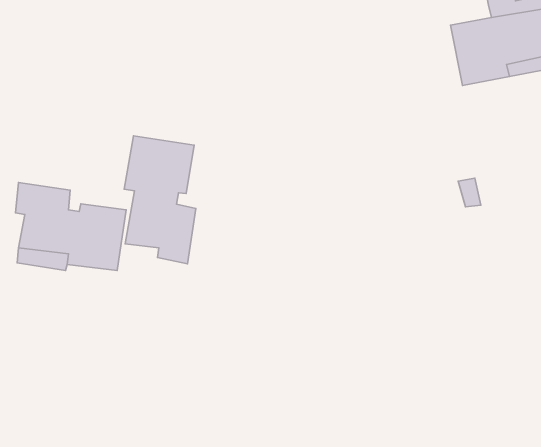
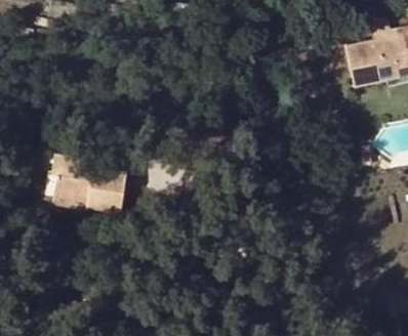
building: [124,136,196,264] -> none

